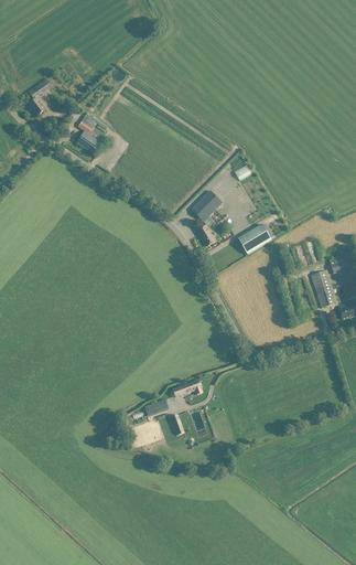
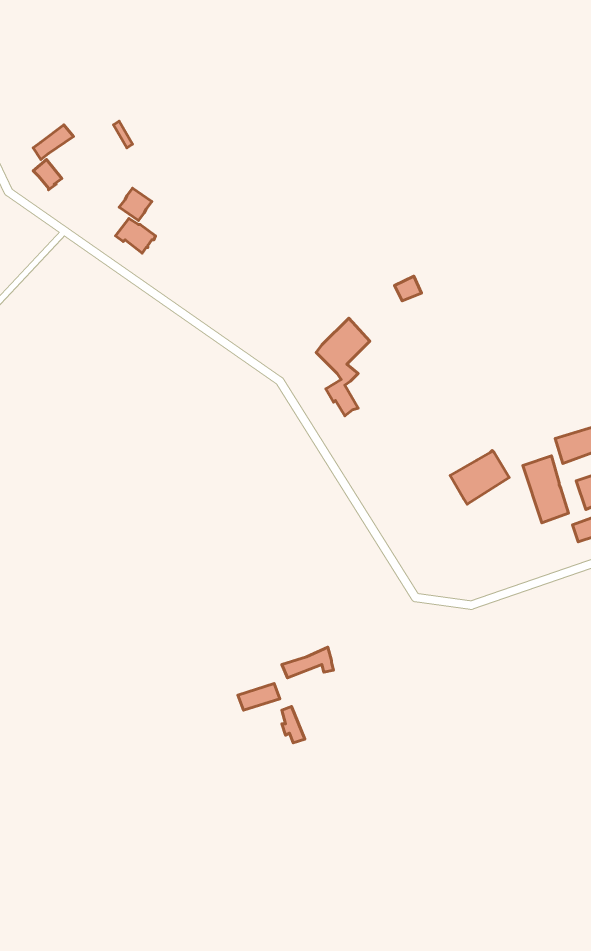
building: [237,223,271,254] -> [450,451,509,504]

